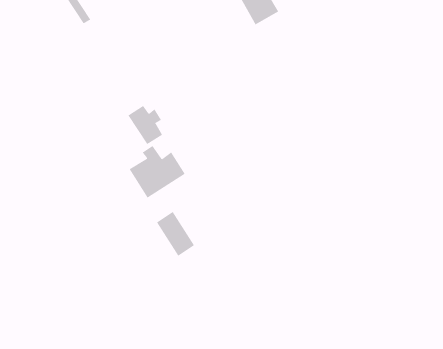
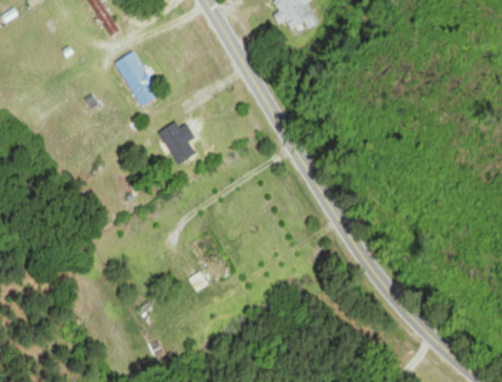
building: none -> [115,51,161,106]
building: [129,145,185,199] -> none

